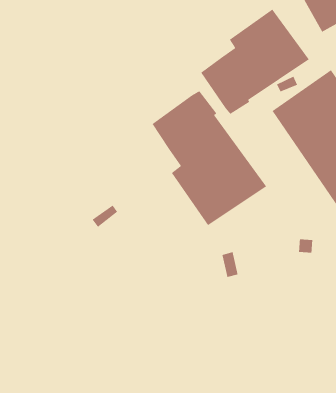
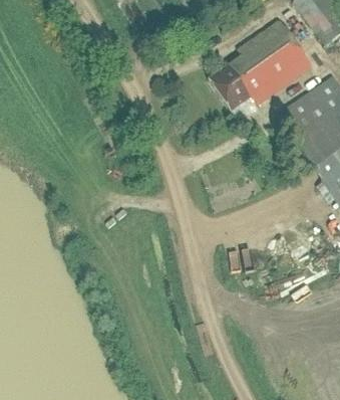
building: [151,90,267,226] -> none

